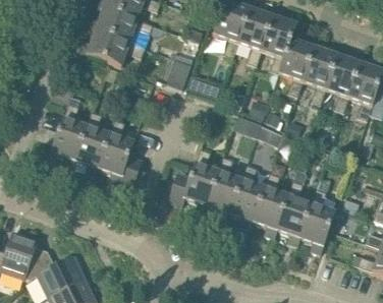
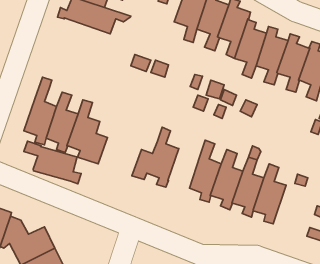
building: [79,29,145,66] -> none
building: [207,155,241,221] -> none
building: none -> [24,141,81,184]

